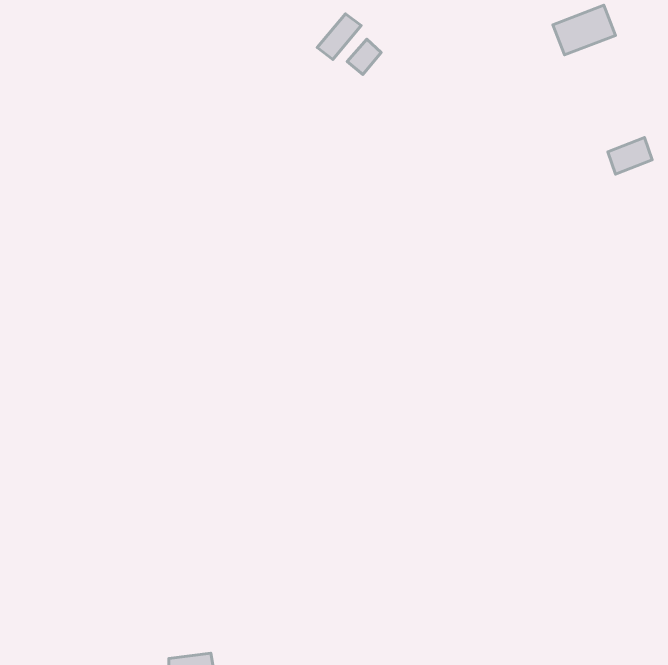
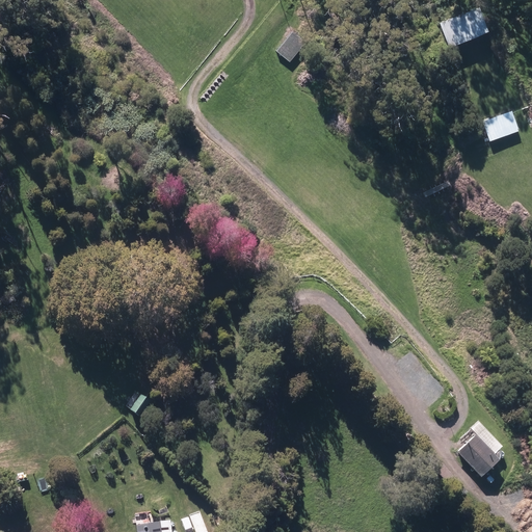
building: [317,14,361,59] -> none
building: none -> [458,421,501,477]

